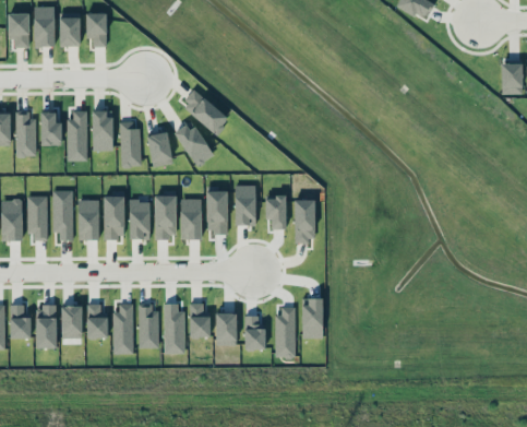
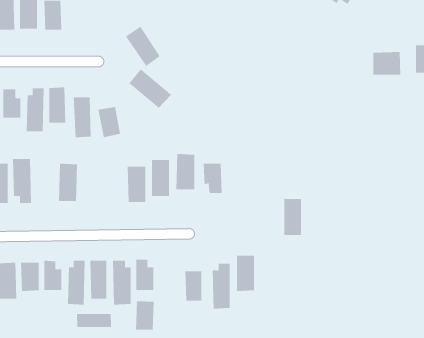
building: none -> [373,51,401,75]
building: [173,121,213,167] -> [125,26,161,67]
building: [154,190,176,238] -> none
building: [77,200,98,240] -> none
building: [294,200,314,241] -> [283,198,302,236]
building: [129,201,149,239] -> none
building: [215,312,237,345] -> [135,301,155,330]
building: none -> [76,313,111,328]

